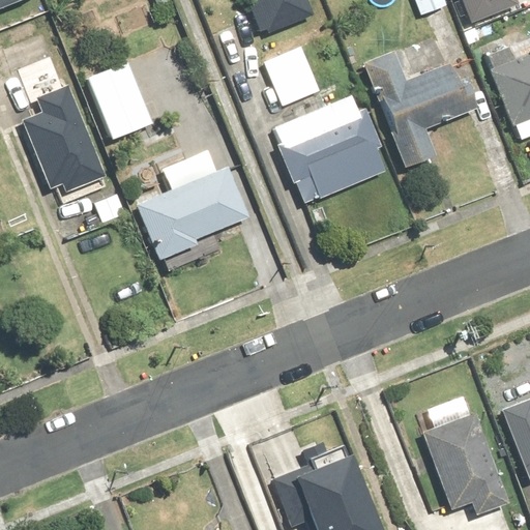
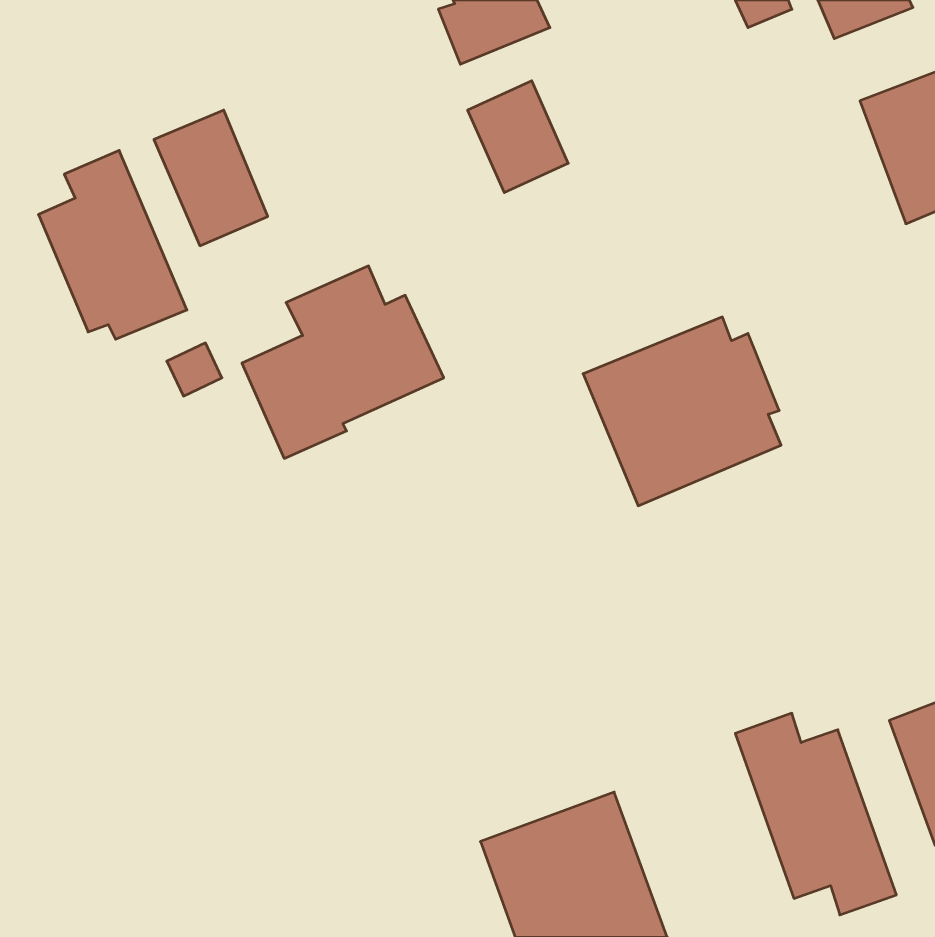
building: [365,51,479,167] -> none
building: [273,96,385,203] -> [583,317,781,506]

